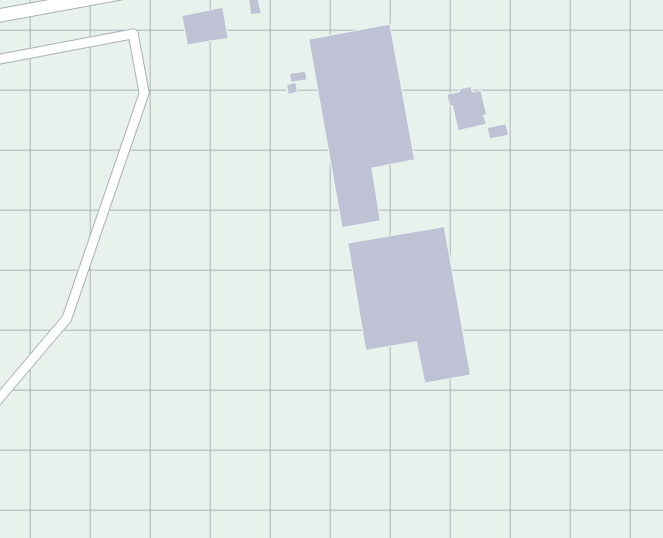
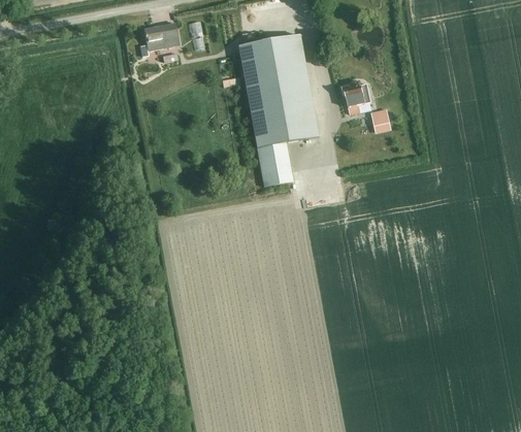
building: [348,227,470,383] -> none

